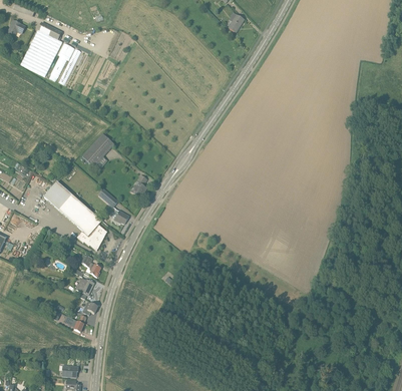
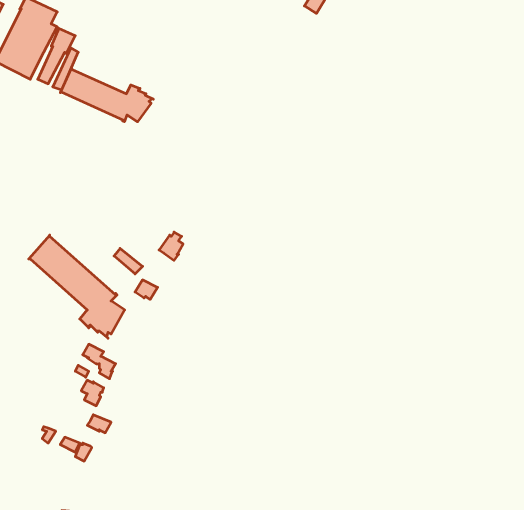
building: none -> [60,68,153,122]
building: [83,133,115,170] -> none

